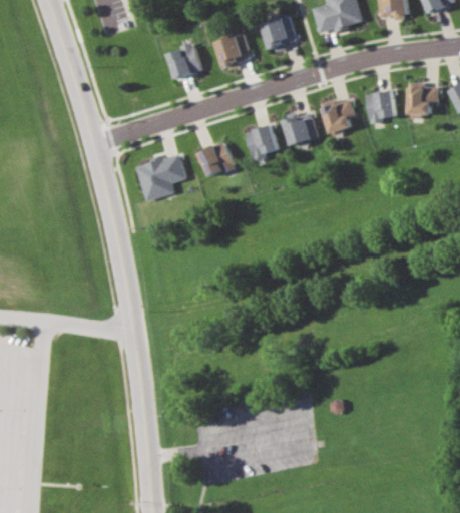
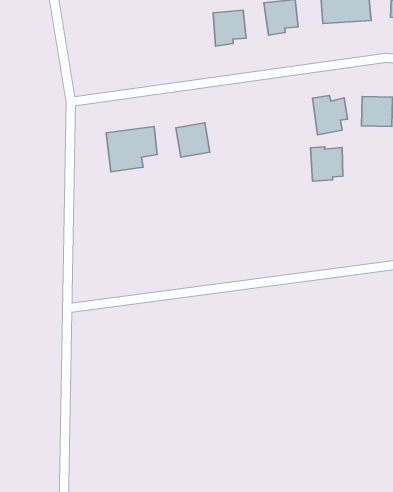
building: [166,44,201,79] -> none
building: [283,112,317,147] -> [310,147,343,181]
building: [246,126,278,158] -> none

